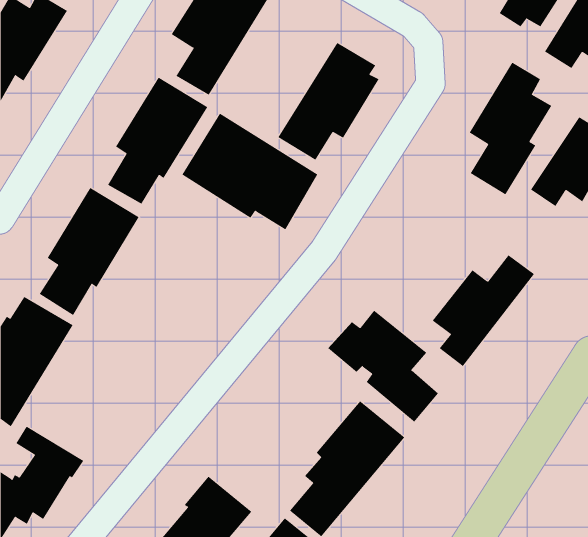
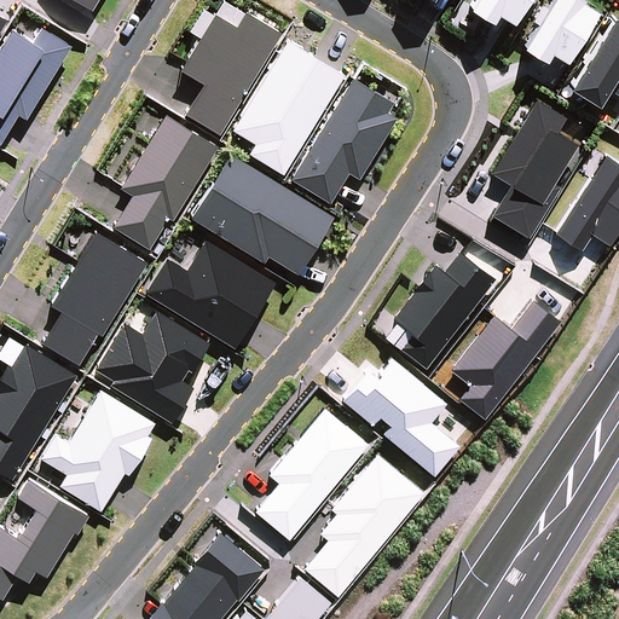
building: none -> [232,41,345,175]
building: none -> [146,241,276,348]
building: none -> [393,253,494,368]
building: none -> [96,312,210,422]
building: none -> [41,389,156,511]
building: none -> [255,409,369,540]

